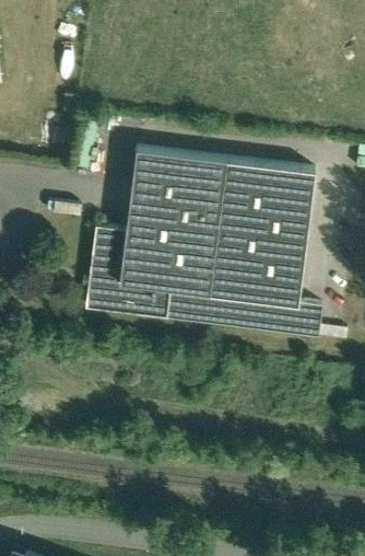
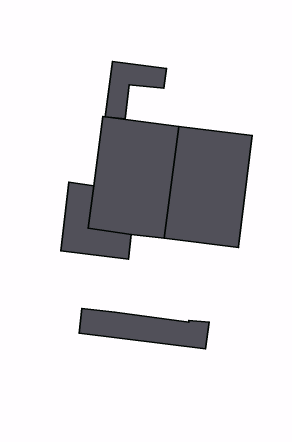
building: none -> [105,61,167,119]
building: [167,286,322,334] -> [79,308,209,349]

